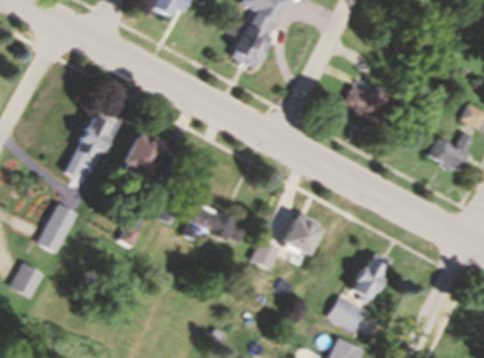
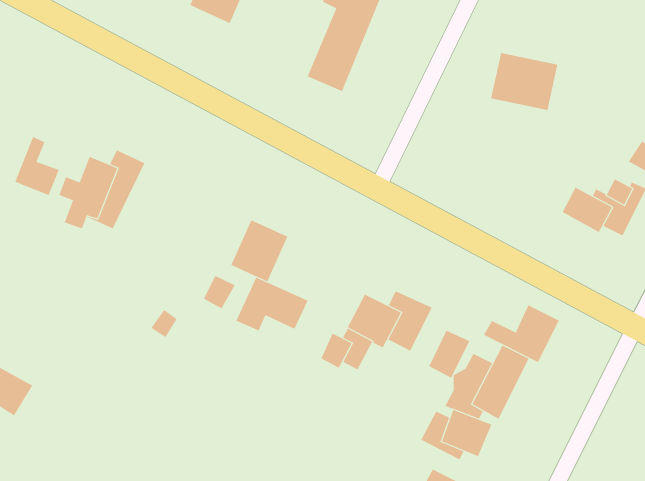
building: [345,83,393,125] -> [490,53,558,110]
building: none -> [14,136,59,196]
building: [126,132,167,177] -> [230,219,288,282]
building: [31,206,74,258] -> none
building: none -> [483,305,560,363]
building: none -> [428,330,470,379]

